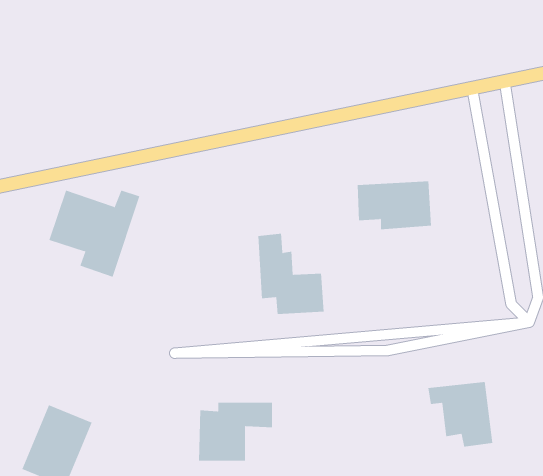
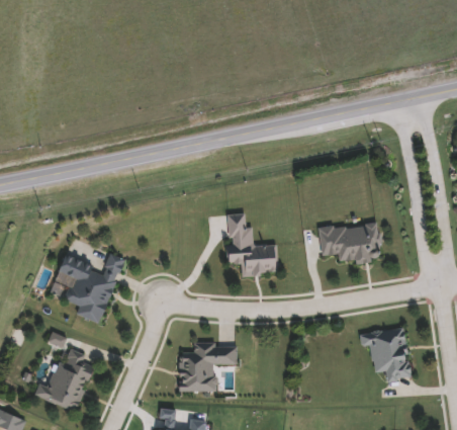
building: [357,181,432,230] -> [319,224,378,262]
building: [49,190,140,278] -> [51,254,122,323]

